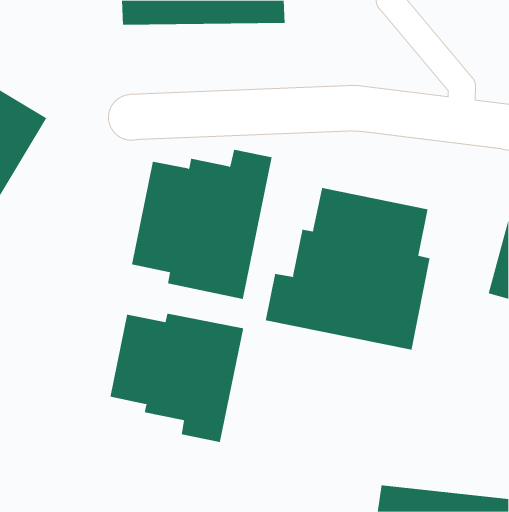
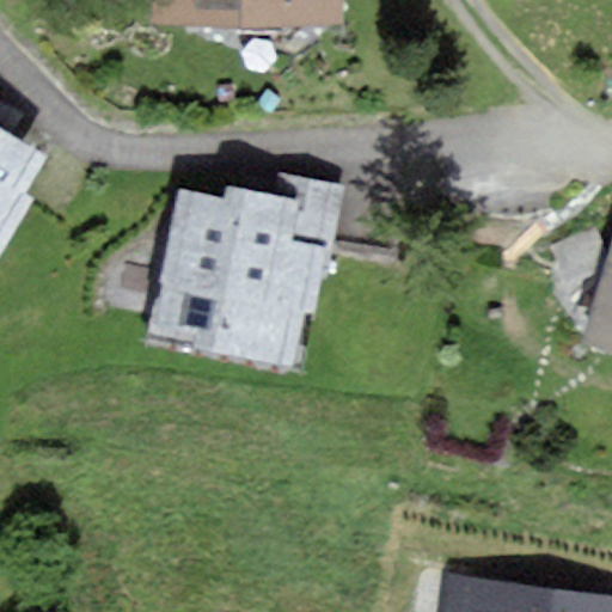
building: [265,187,430,351] -> none
building: [110,313,244,443] -> none

